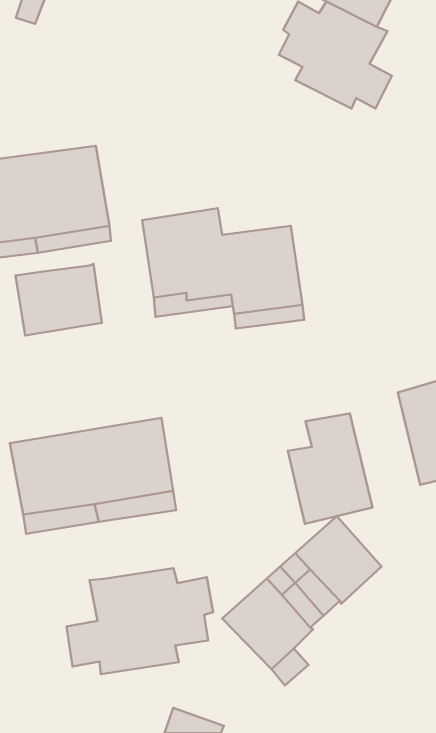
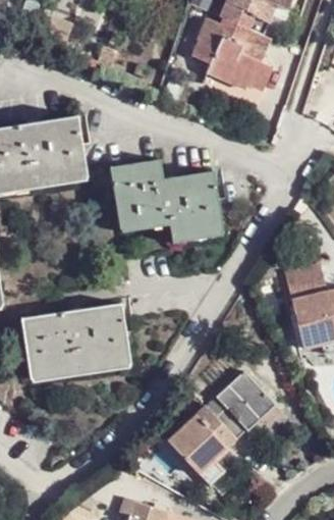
building: [16,264,102,336] -> none
building: [288,414,372,524] -> none
building: [66,568,213,674] -> none

